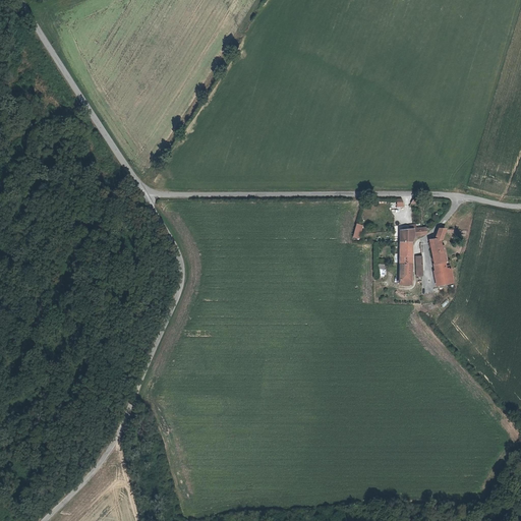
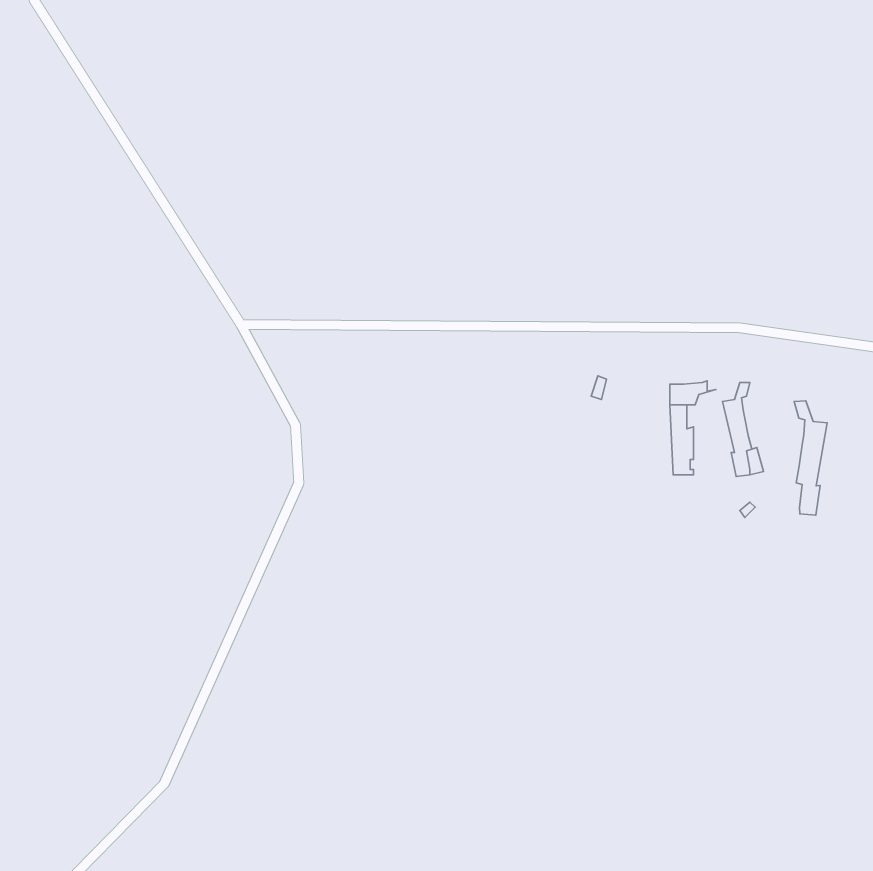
building: none -> [794,401,827,515]

